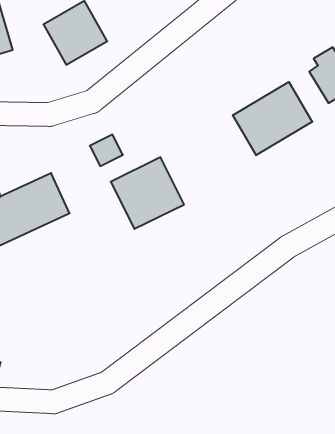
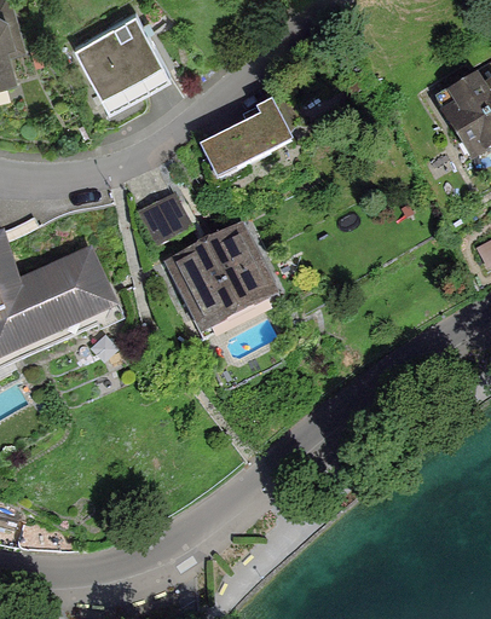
building: none -> [202,102,288,175]
building: [233,82,312,155] -> none

